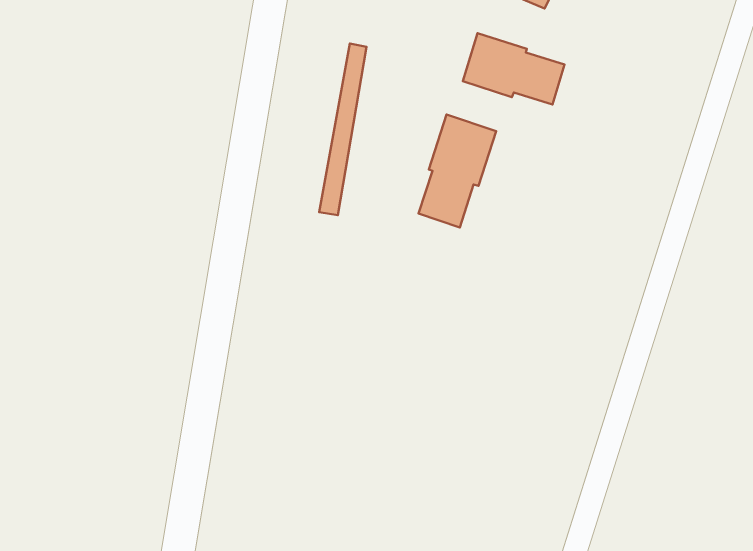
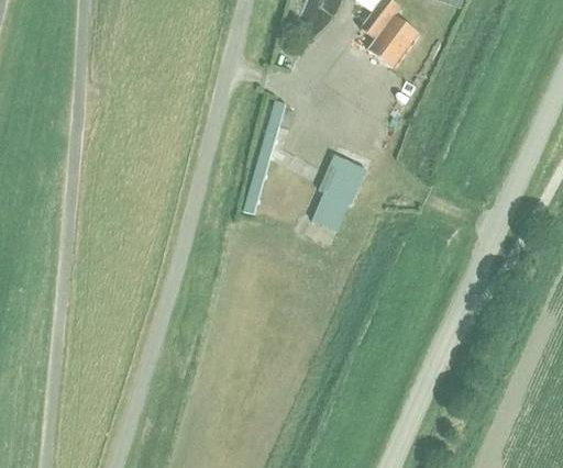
building: [463,33,564,105] -> none

